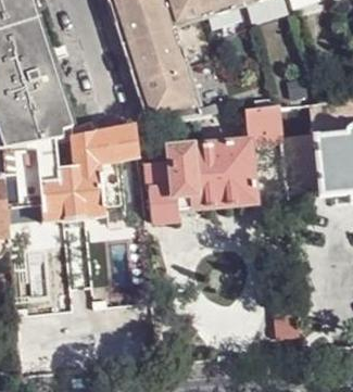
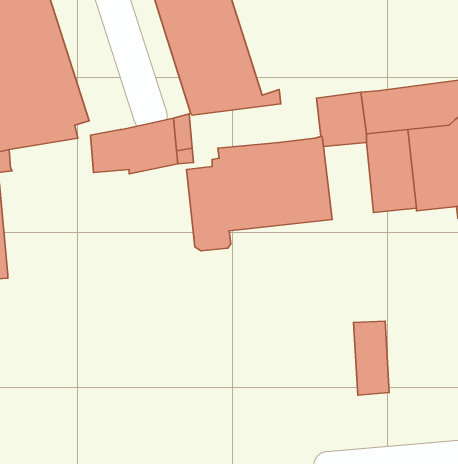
building: [10,160,108,222] -> none

